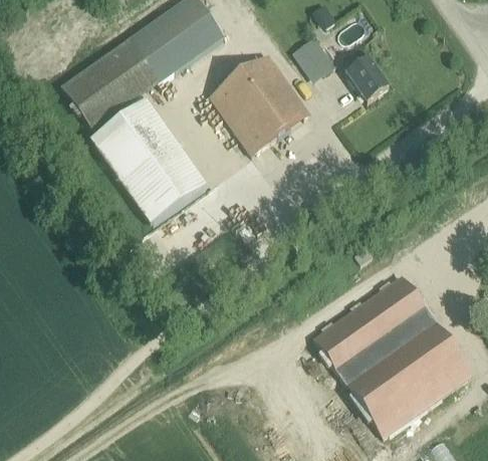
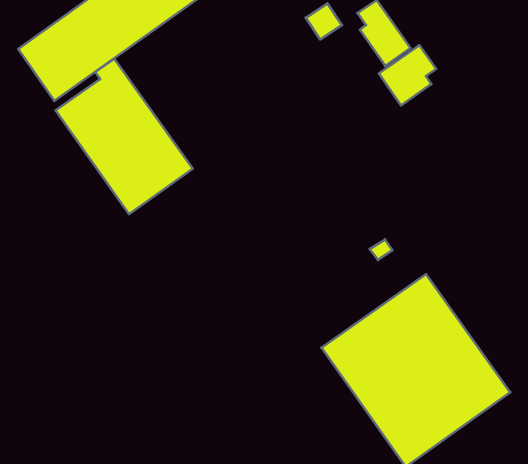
building: [211,54,310,154] -> none
building: none -> [379,45,436,105]

